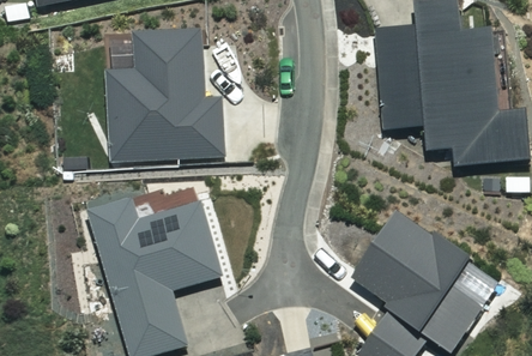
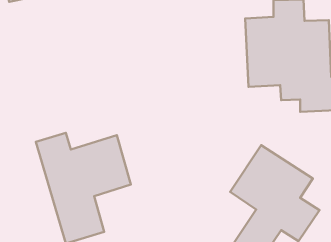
building: [108,31,224,157] -> none

